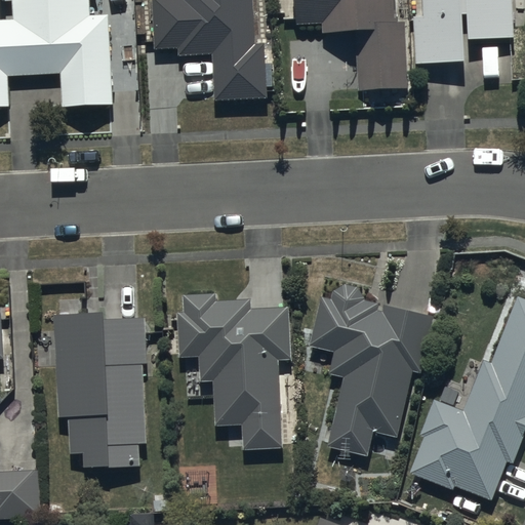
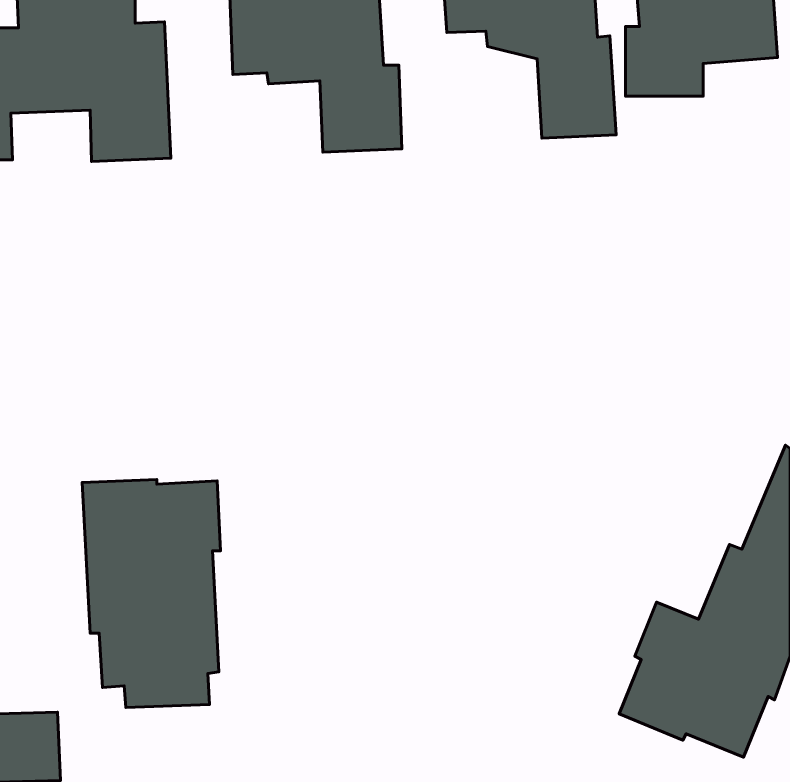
building: [310,284,431,455] -> none
building: [176,293,289,448] -> none

